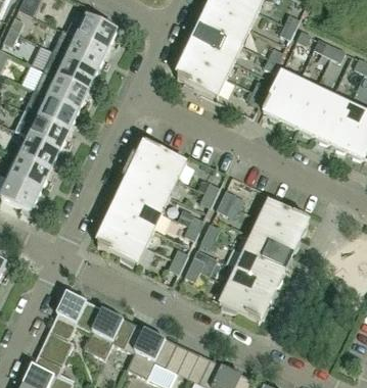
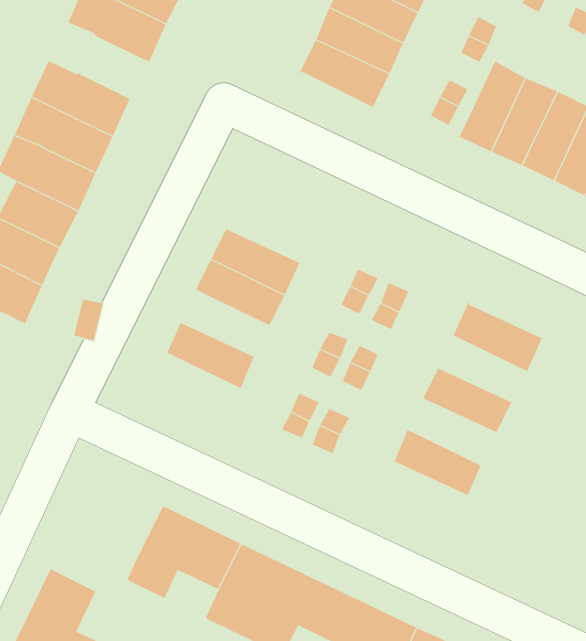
building: [43,50,97,91] -> none
building: [138,142,186,179] -> none
building: [113,193,162,229] -> none
building: [251,217,300,253] -> none
building: [97,227,146,264] -> none
building: [235,251,283,287] -> none
building: [219,285,268,322] -> none
building: [44,292,104,354] -> none

